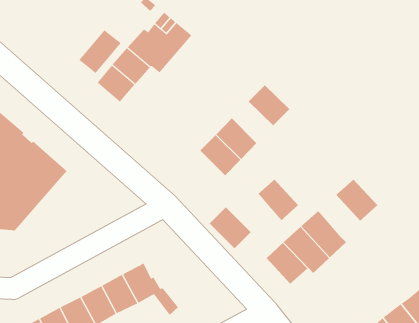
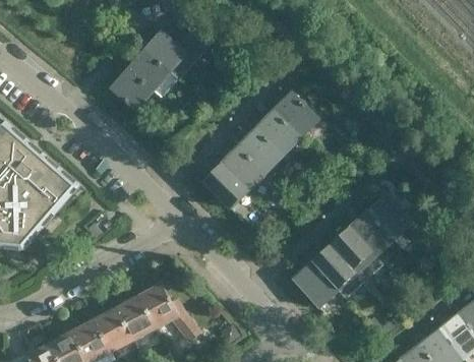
building: [79,29,122,74] -> none
building: none -> [256,110,301,155]
building: [257,179,299,221] -> [350,210,395,256]
building: [209,207,251,249] -> [203,163,249,208]

